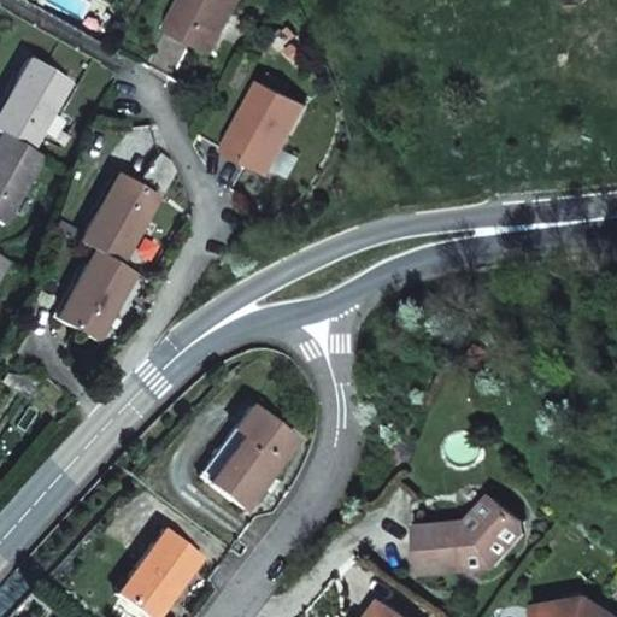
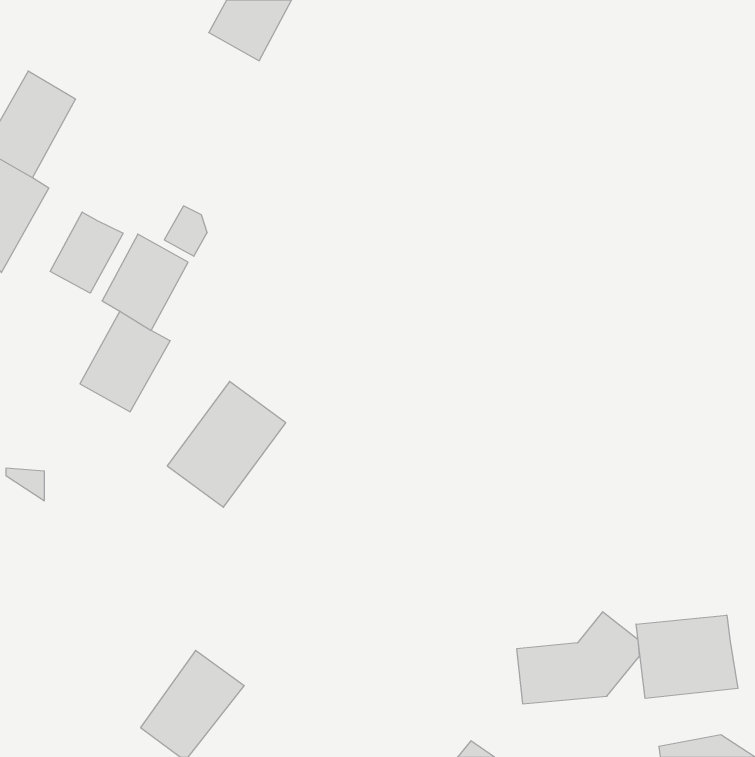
building: [224,81,304,174] -> none
building: none -> [50,212,123,293]
building: [196,405,293,507] -> [167,381,286,507]
building: none -> [636,615,738,698]

